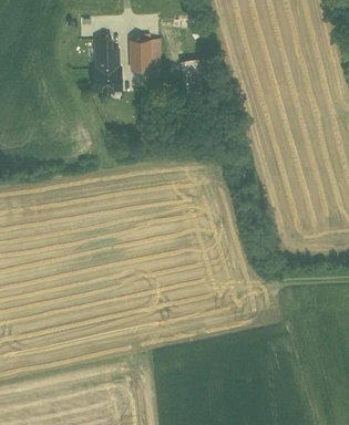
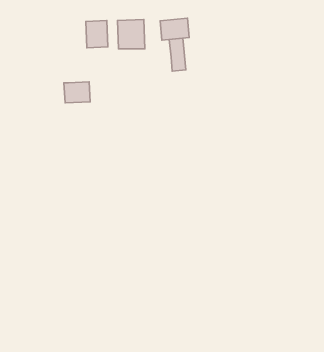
building: none -> [160,18,189,40]
building: [92,68,120,90] -> [64,82,90,103]

